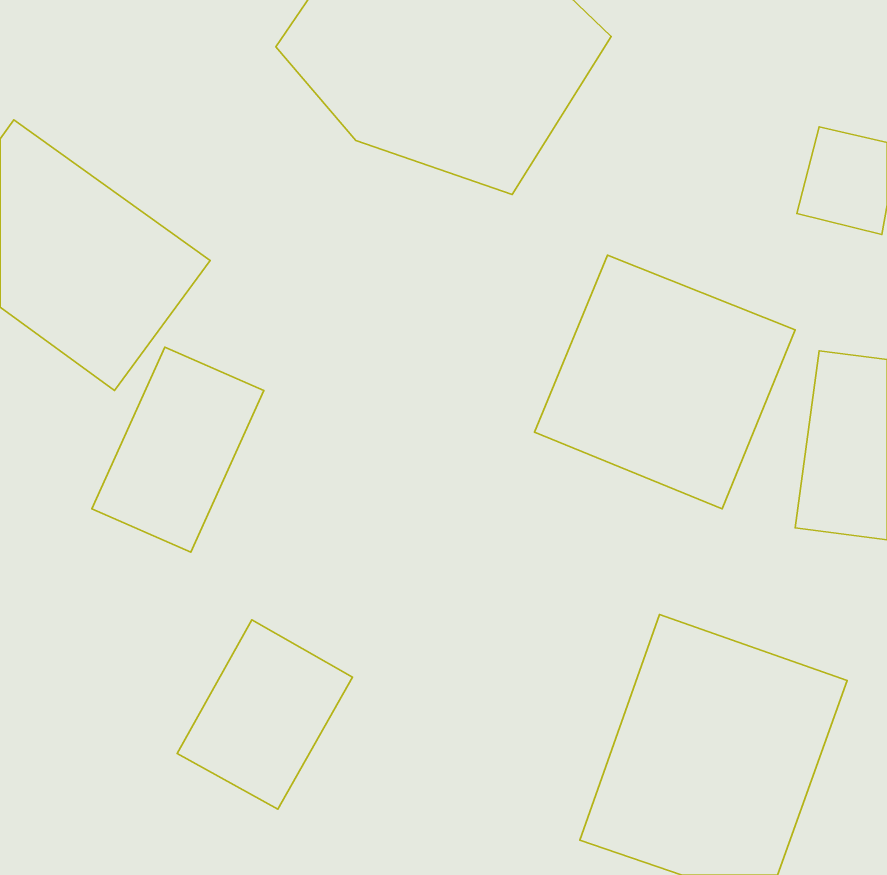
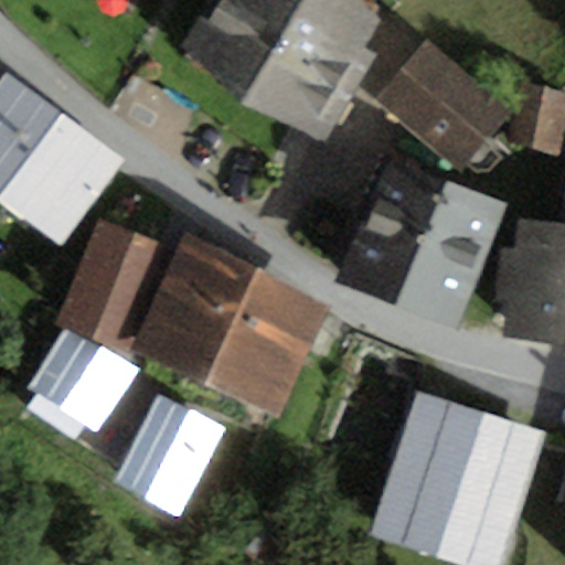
building: none -> [372,41,511,160]
building: none -> [136,241,331,420]
building: none -> [32,338,126,429]

